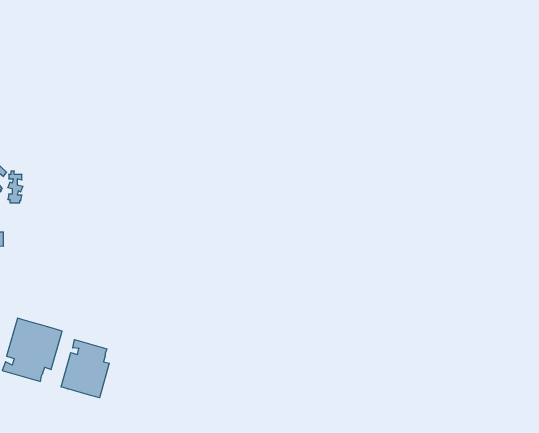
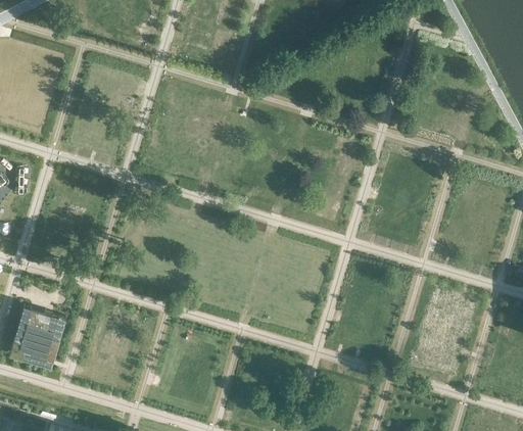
building: [61,340,109,398] -> none

